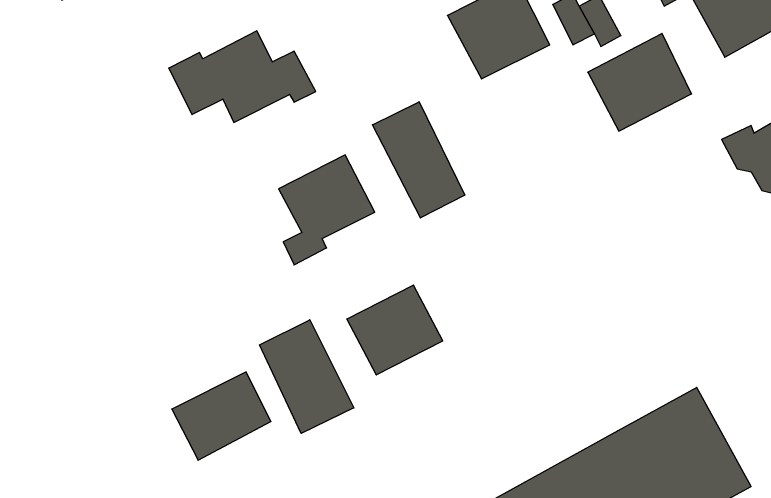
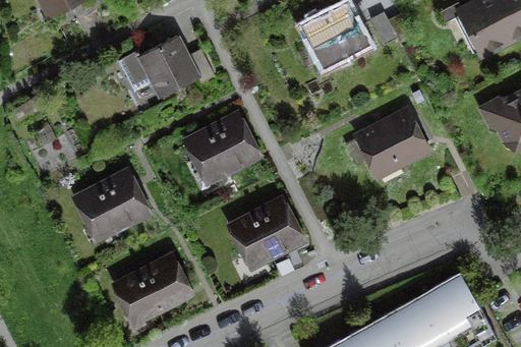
building: [588,33,692,131] -> [357,110,425,174]
building: [372,102,465,218] -> none
building: none -> [79,174,142,235]
building: [259,320,354,433] -> none

